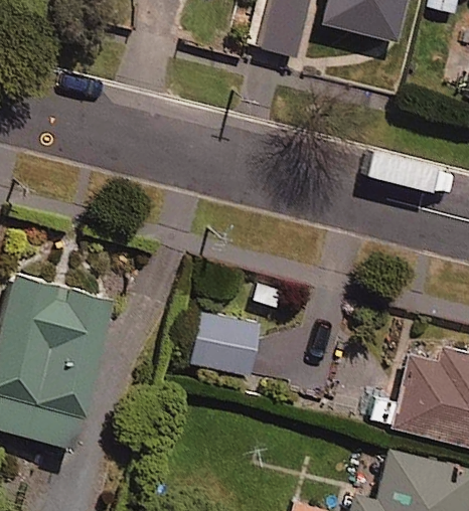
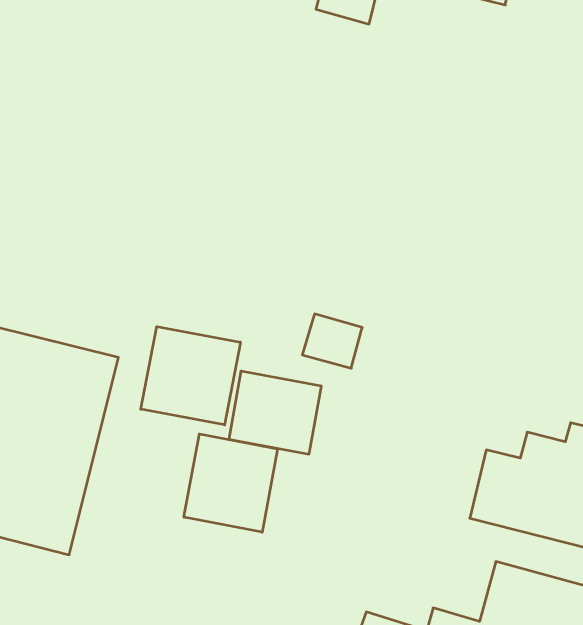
building: none -> [141,327,240,425]
building: none -> [184,434,278,532]

